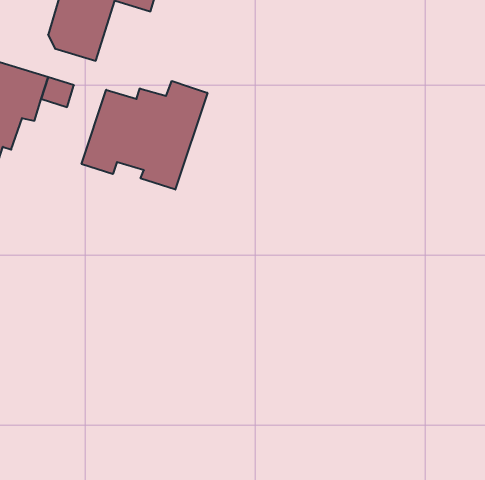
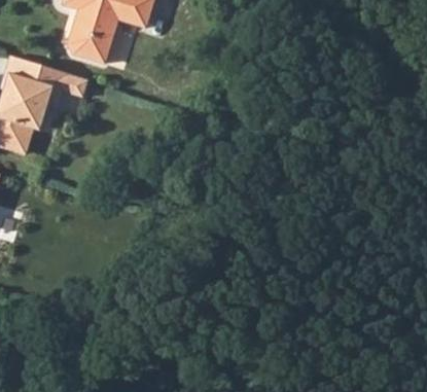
building: [82,81,207,190] -> none

